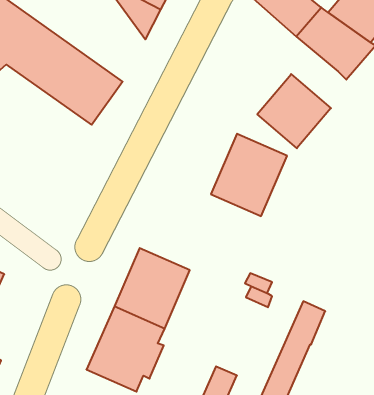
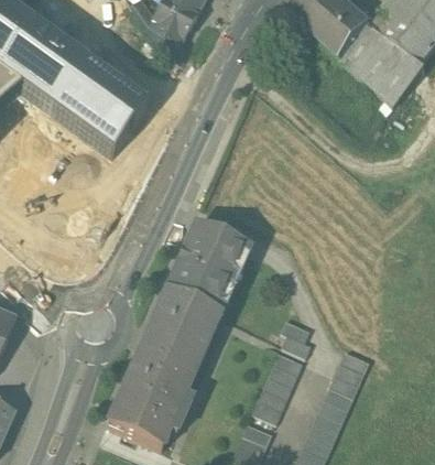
building: [257,74,331,148] -> none
building: [211,134,287,216] -> [166,219,250,310]
building: none -> [253,345,304,415]

